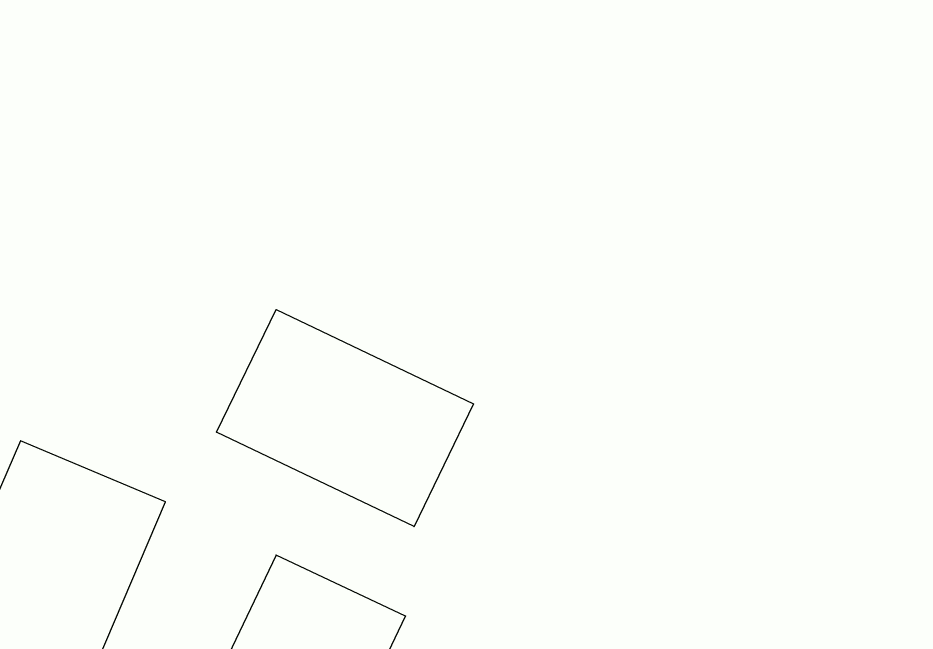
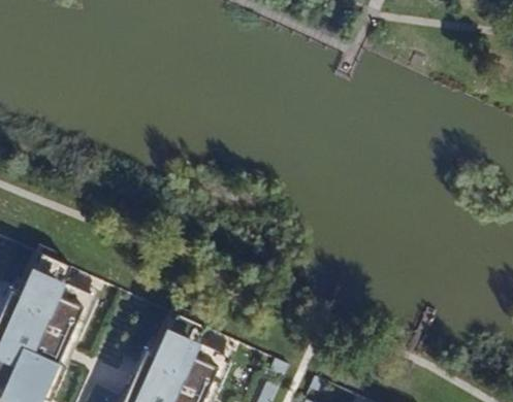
building: [217,310,474,527] -> none

